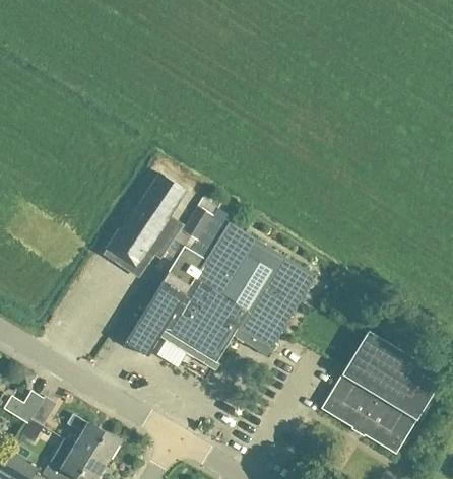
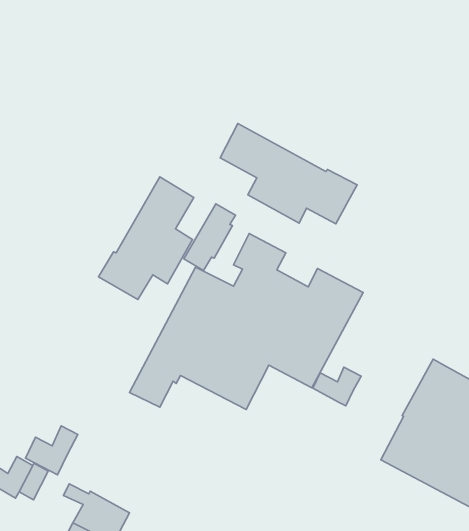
building: none -> [220,124,357,224]
building: none -> [313,367,361,406]
building: none -> [26,426,78,475]

